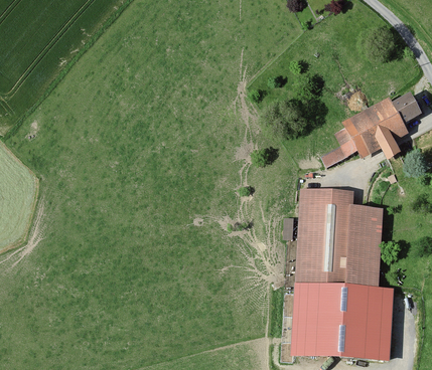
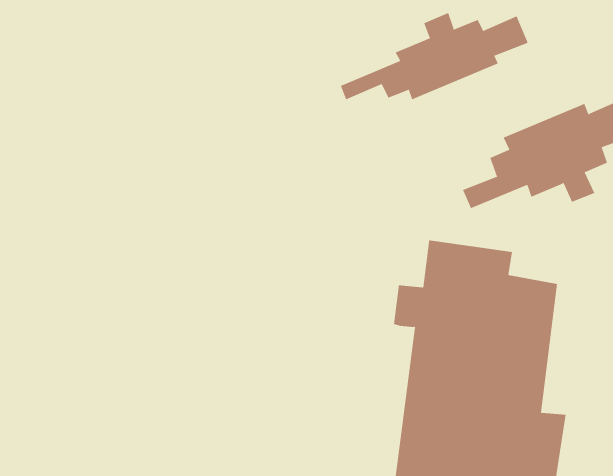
building: none -> [340,12,528,100]

